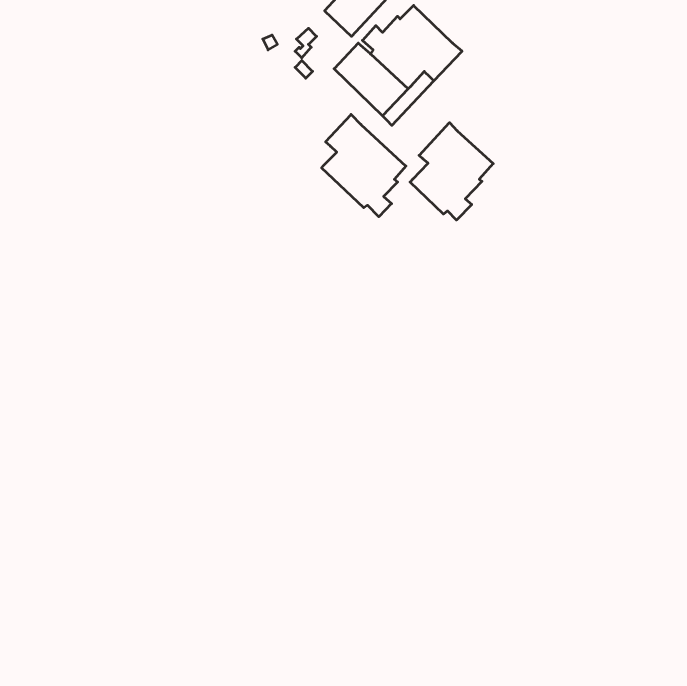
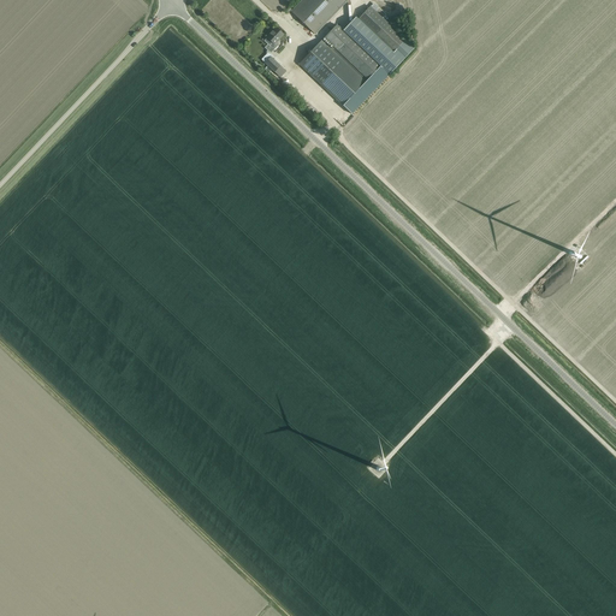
building: [322,114,406,217] -> none
building: [410,123,493,220] -> none

